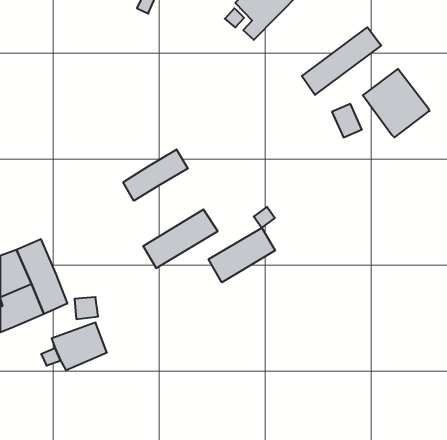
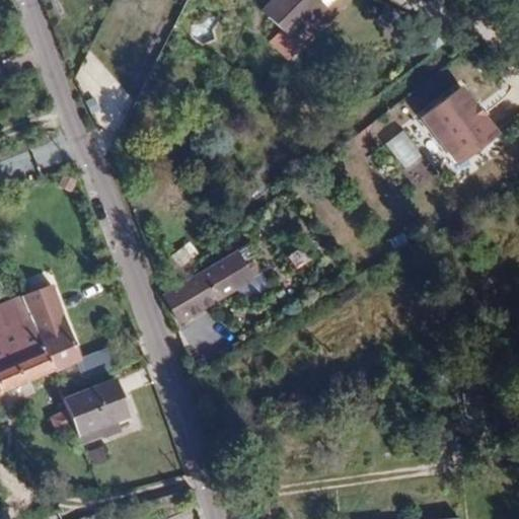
building: [302,27,381,95] -> none
building: [123,149,188,201] -> none
building: [209,228,275,282] -> none

